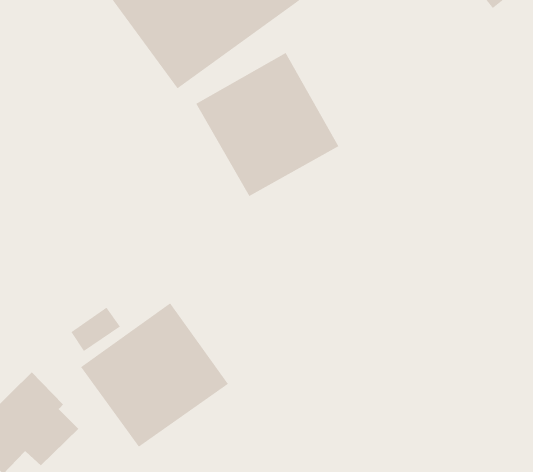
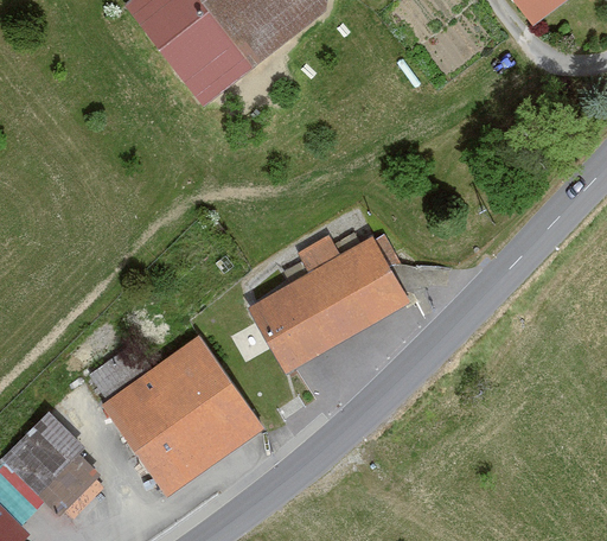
building: [195,52,339,197] -> none
building: none -> [255,233,417,370]

